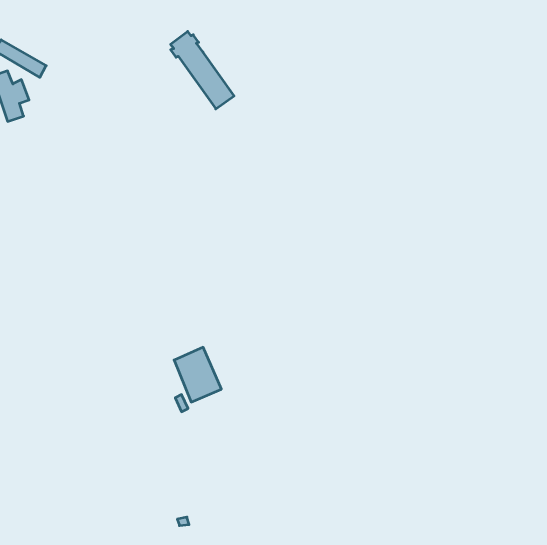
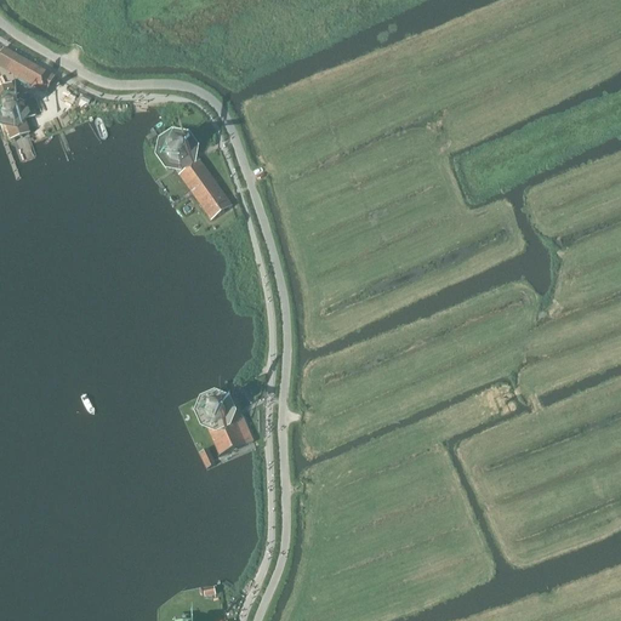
building: [171,31,234,109] -> [158,131,229,218]

